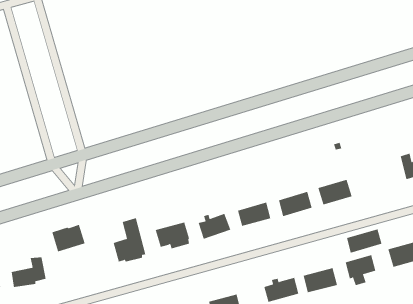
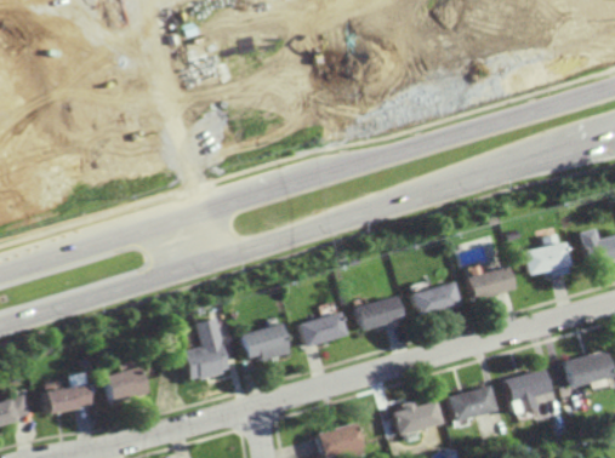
building: none -> [524,234,571,275]
building: [51,224,86,252] -> [104,366,152,405]
building: [346,229,382,253] -> none

